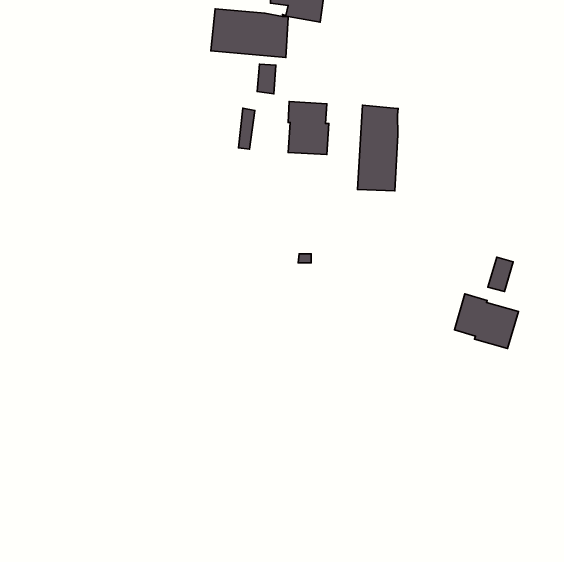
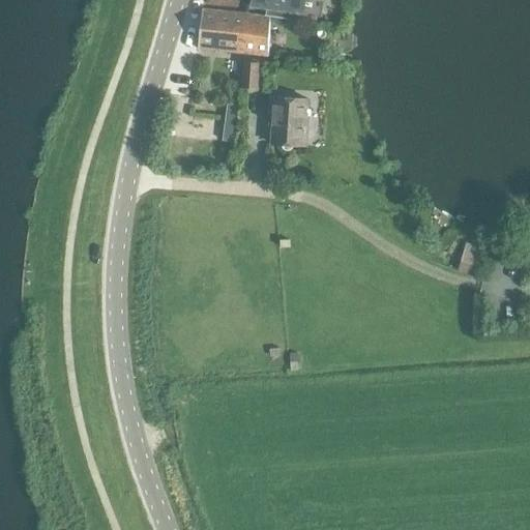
building: [358,105,398,191] -> none
building: [454,294,518,349] -> none

